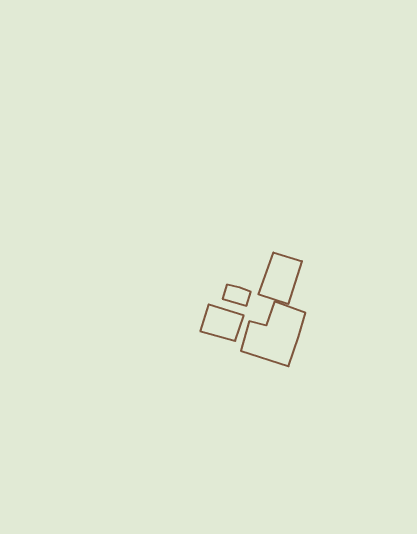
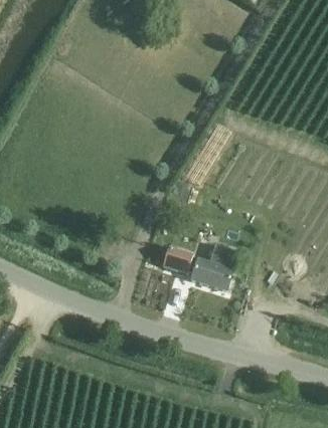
building: [258,252,302,304] -> none

